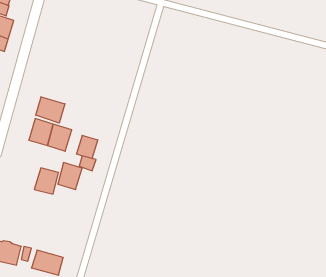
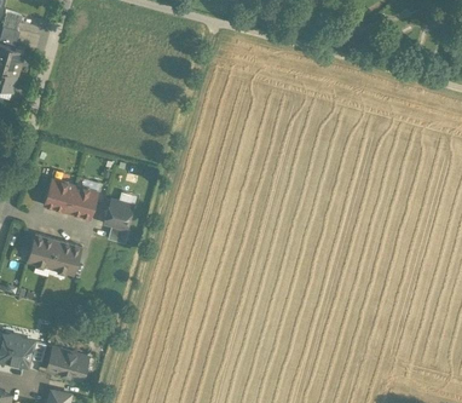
building: [36,97,65,123] -> none
building: [58,163,82,190] -> [27,234,58,269]

